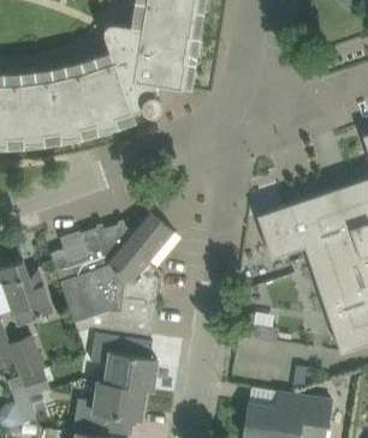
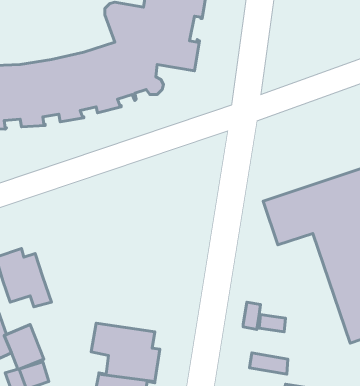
building: [49,209,173,335] -> none

